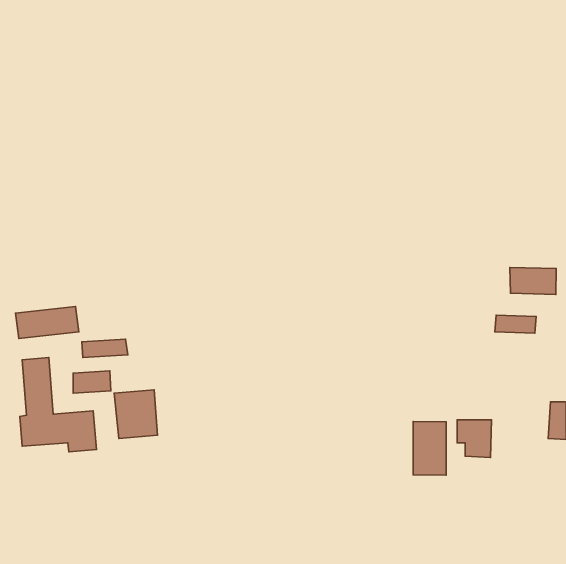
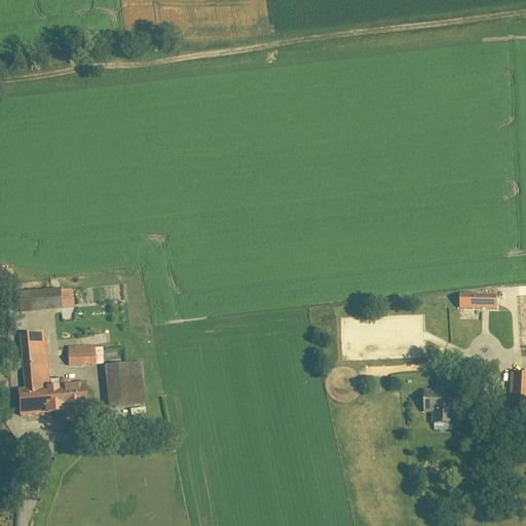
building: [510,267,556,294] -> none
building: [82,339,128,357] -> none
building: [413,421,446,475] -> none

